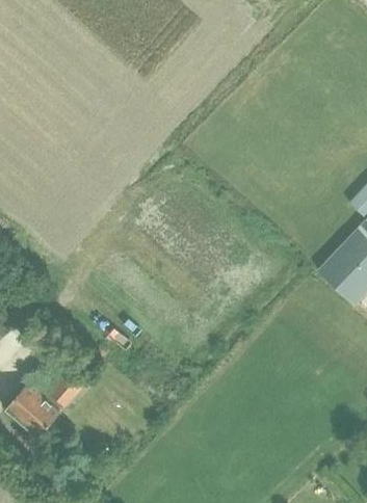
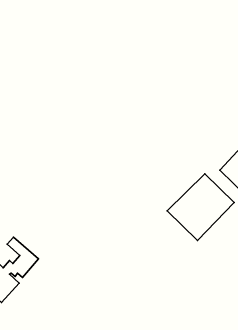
building: none -> [167,174,234,240]

